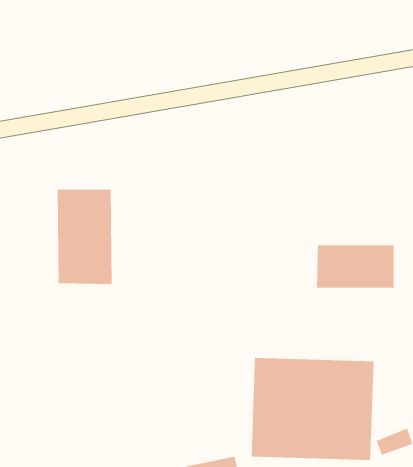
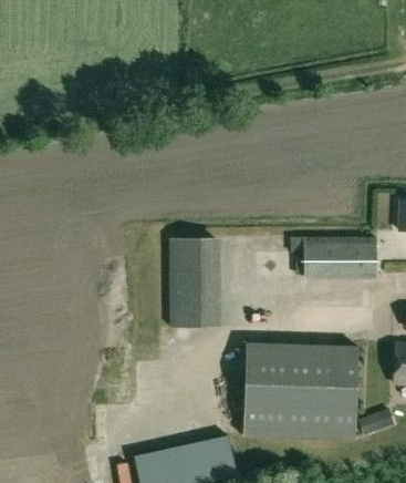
building: [57,189,113,285] -> [169,237,221,327]

